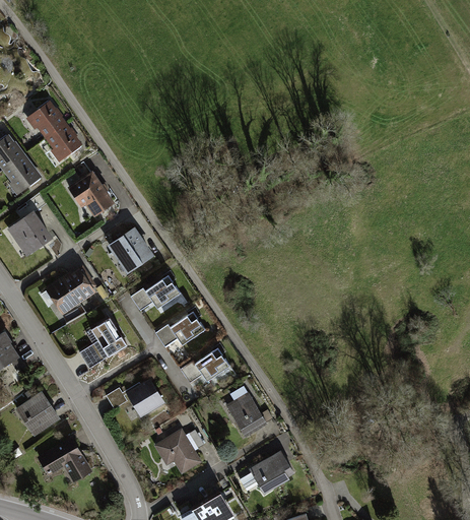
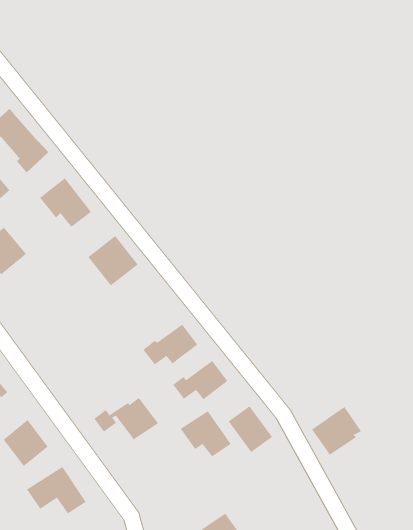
building: [45,265,95,315] -> none
building: [129,275,180,312] -> none
building: [79,318,126,369] -> none
building: [154,430,201,473] -> [180,410,232,457]
building: [249,450,295,495] -> [311,406,362,455]

